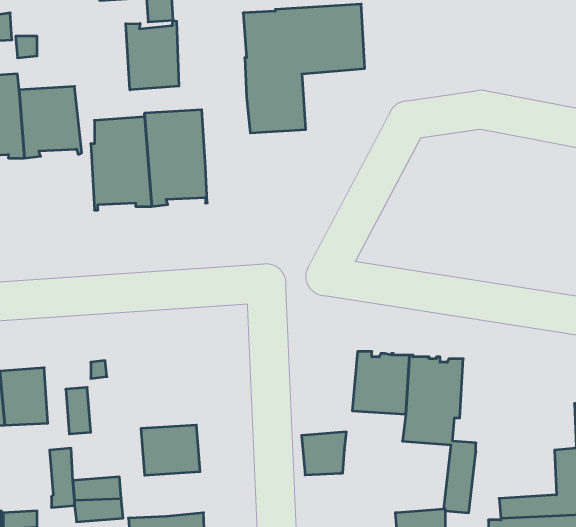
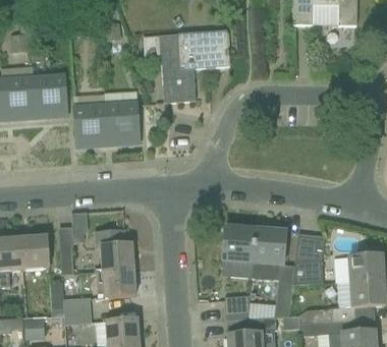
building: [126,20,179,90] -> none
building: none -> [94,230,133,271]
building: none -> [292,233,322,284]
building: [302,432,346,475] -> [224,295,250,320]

